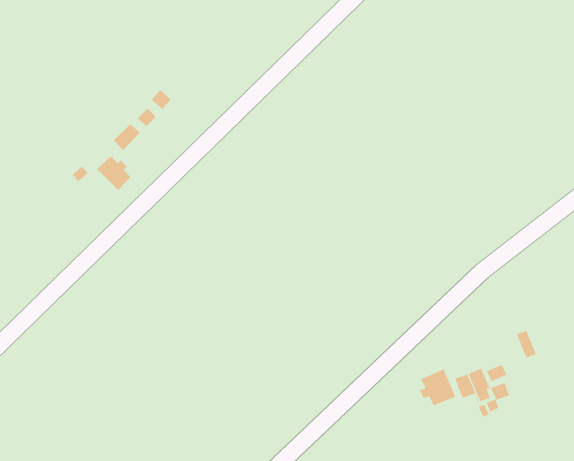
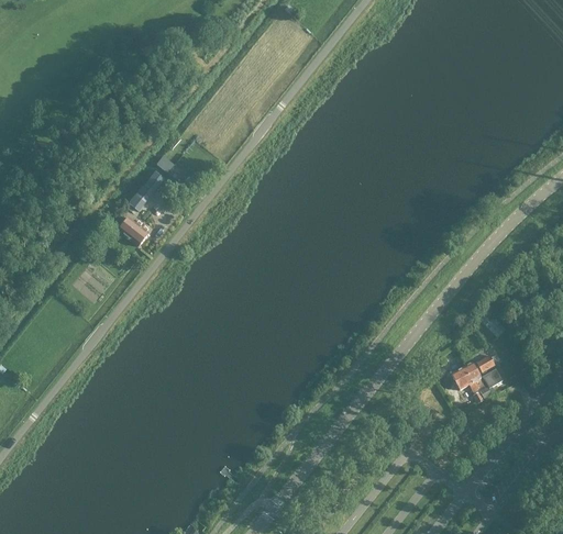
building: [419,368,456,406] -> none

